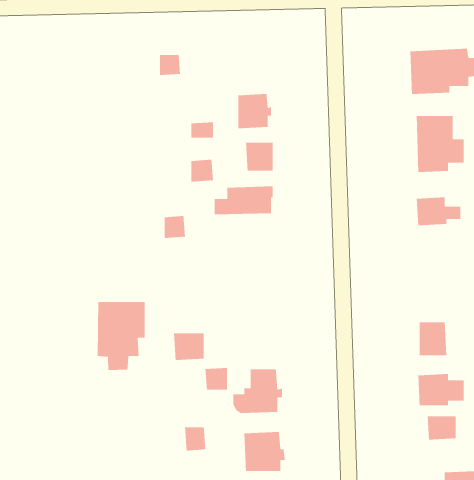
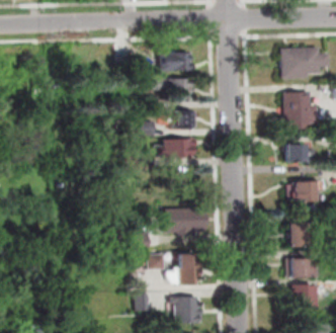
building: none -> [160,52,191,70]
building: none -> [292,179,319,201]
building: none -> [164,209,203,234]
building: [97,301,145,371] -> none

